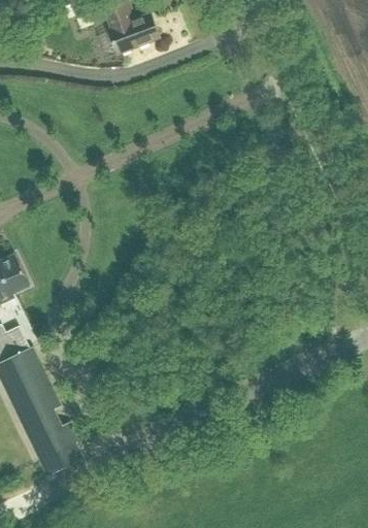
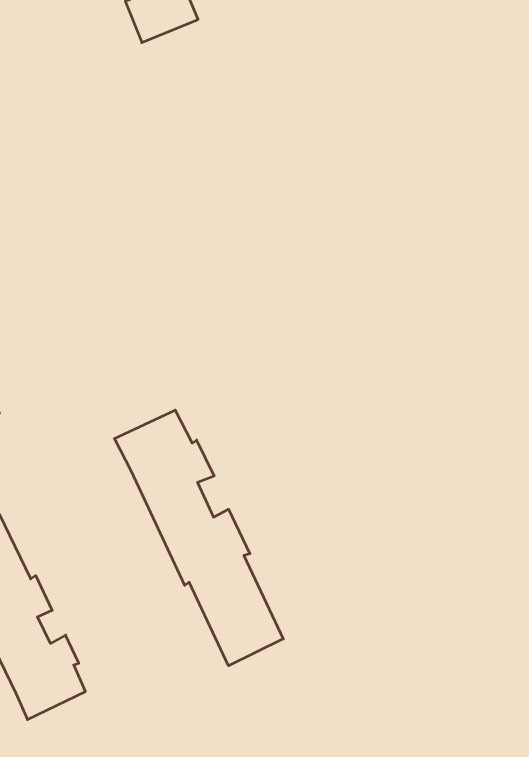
building: none -> [114,410,283,666]

